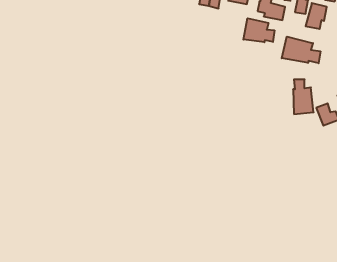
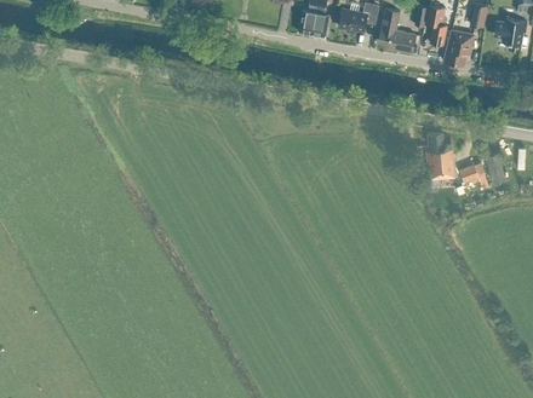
building: [243,18,274,42] -> none
building: [282,37,320,63] -> none

